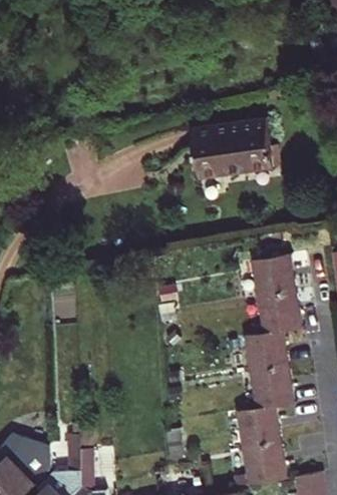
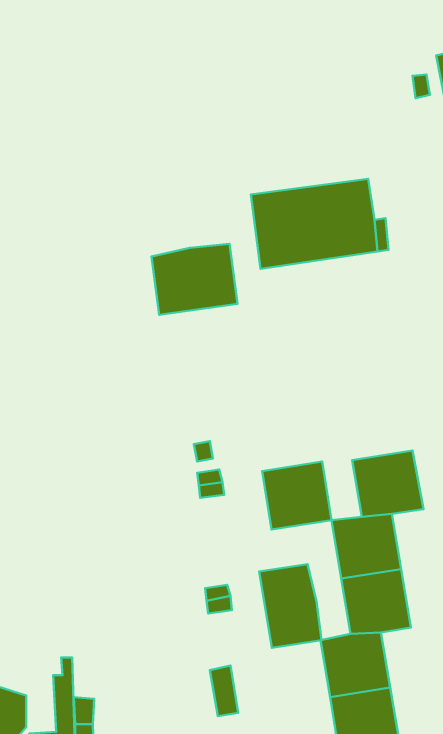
building: none -> [152,244,237,315]
building: [251,256,295,299] -> [262,462,332,530]
building: none -> [259,564,321,648]

